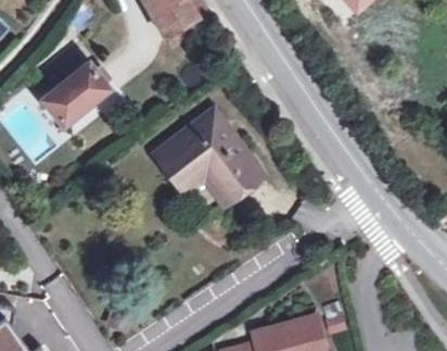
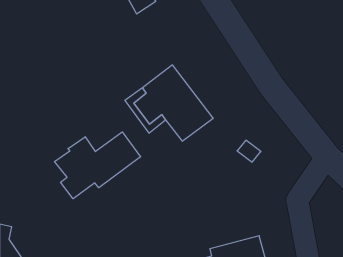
building: [43,59,106,121] -> none
building: none -> [55,132,141,199]

